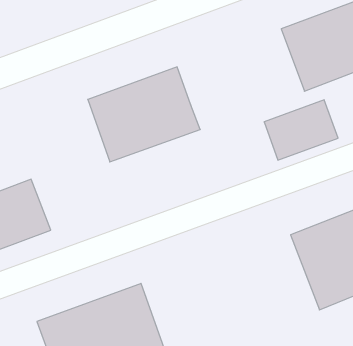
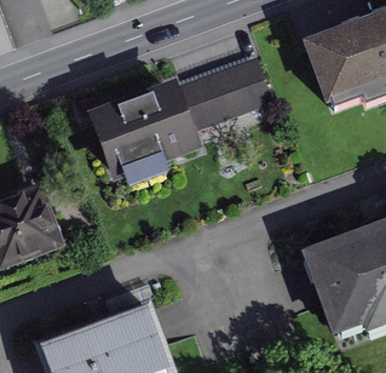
building: [264,100,338,160] -> [190,56,267,119]

